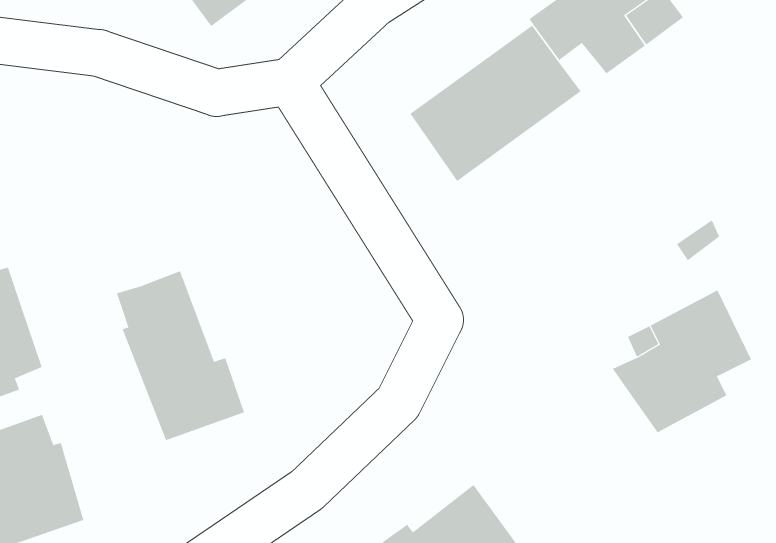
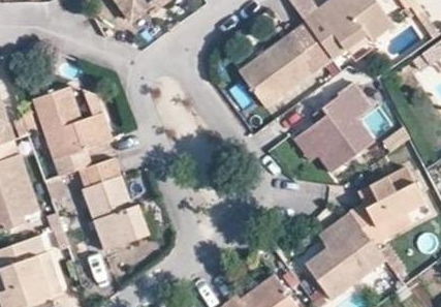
building: none -> [293,83,374,172]
building: none -> [33,86,113,176]
building: none -> [305,220,385,300]

